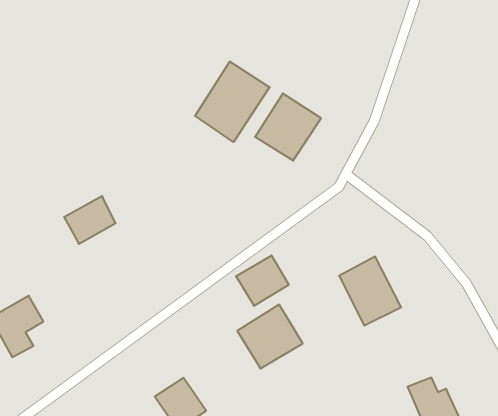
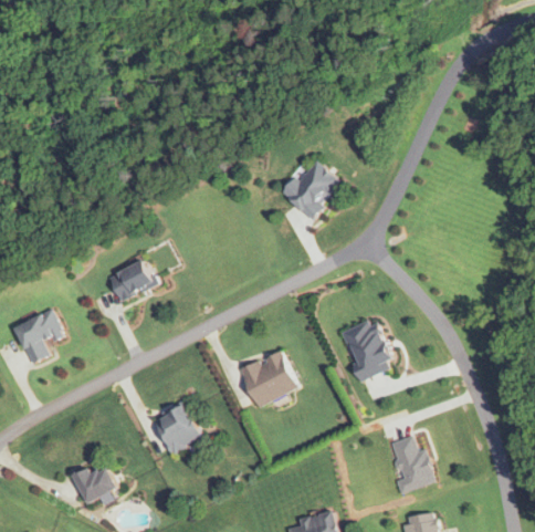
building: [195,61,270,142] -> none
building: [64,196,116,244] -> [108,261,155,302]
building: [236,255,289,306] -> none

